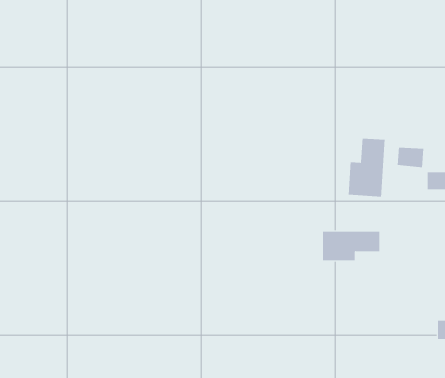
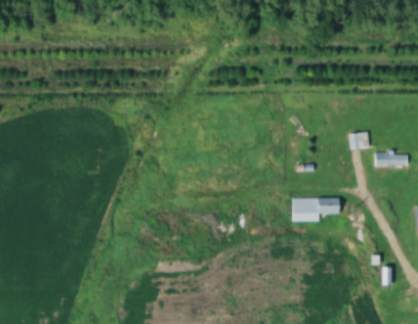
building: [348,138,385,197] -> none

